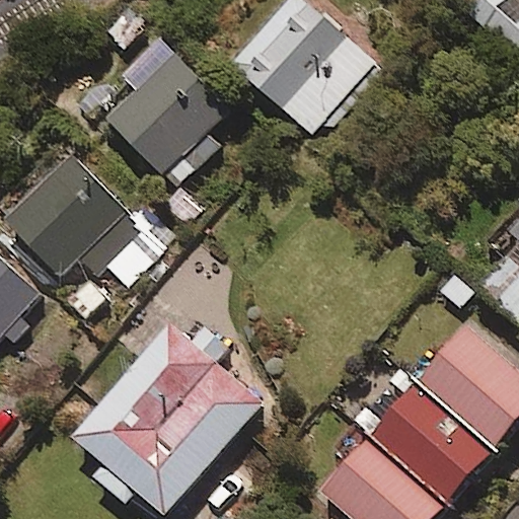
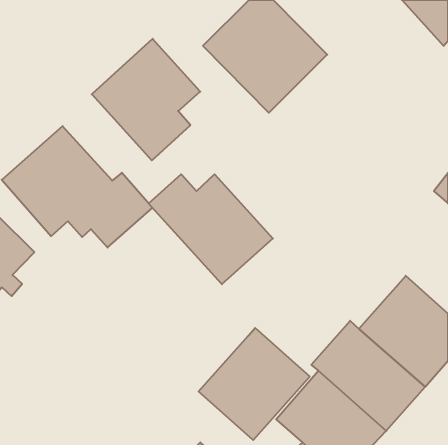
building: none -> [149,174,273,284]
building: [73,323,262,514] -> none
building: none -> [199,328,310,440]

